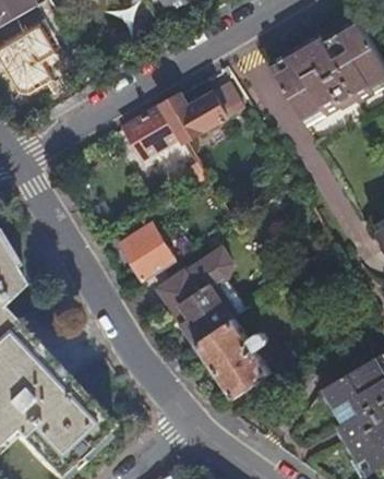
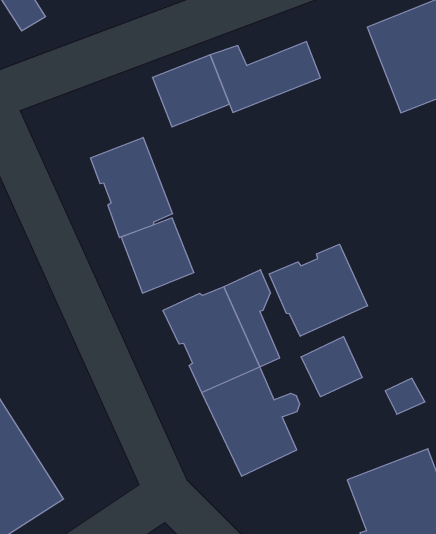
building: none -> [91,137,172,238]
building: none -> [269,244,368,336]
building: none -> [301,337,362,397]

